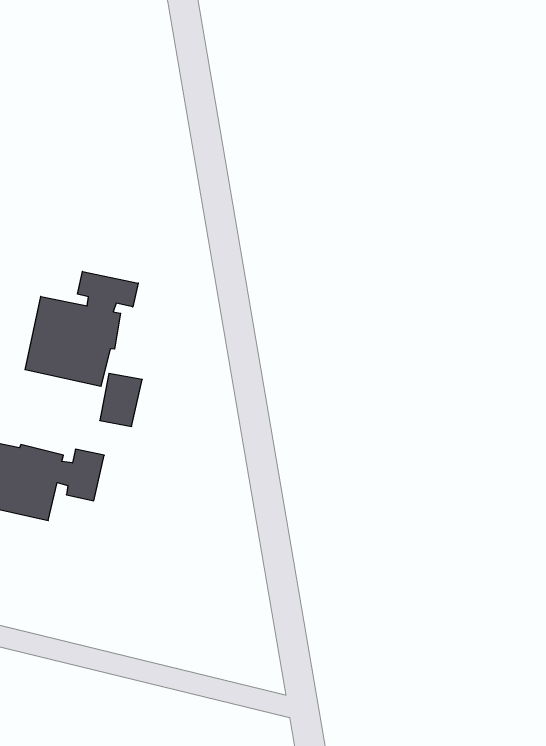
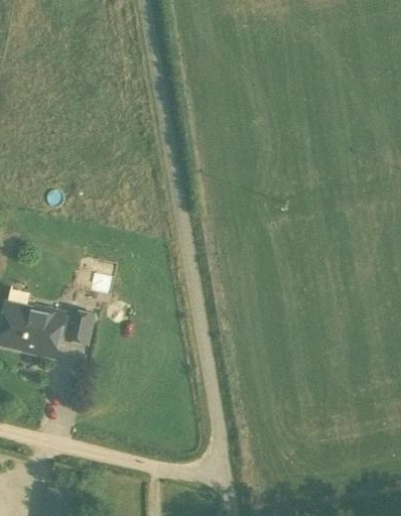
building: [25,271,138,386] -> none

